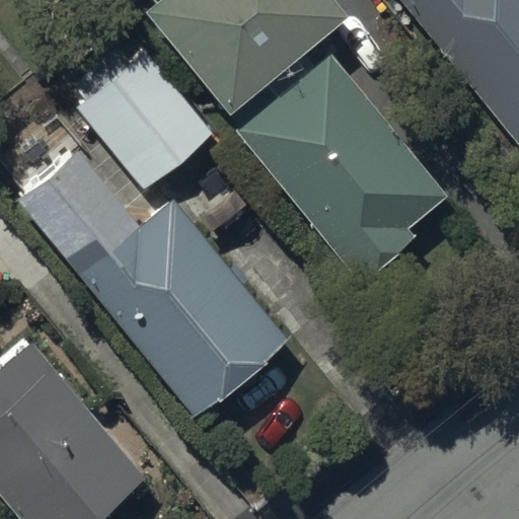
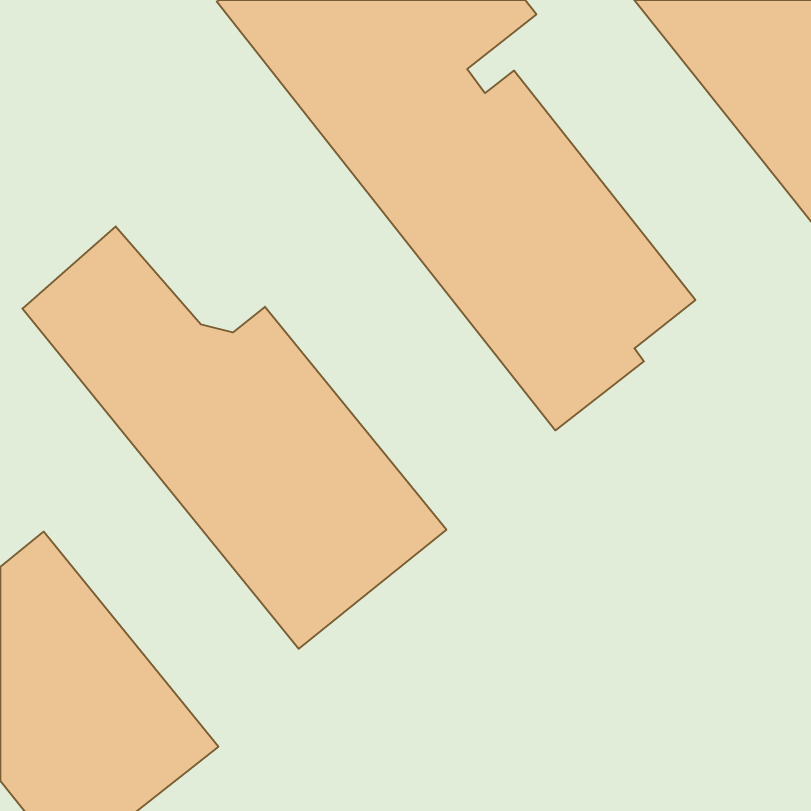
building: [75,51,212,190] -> none

